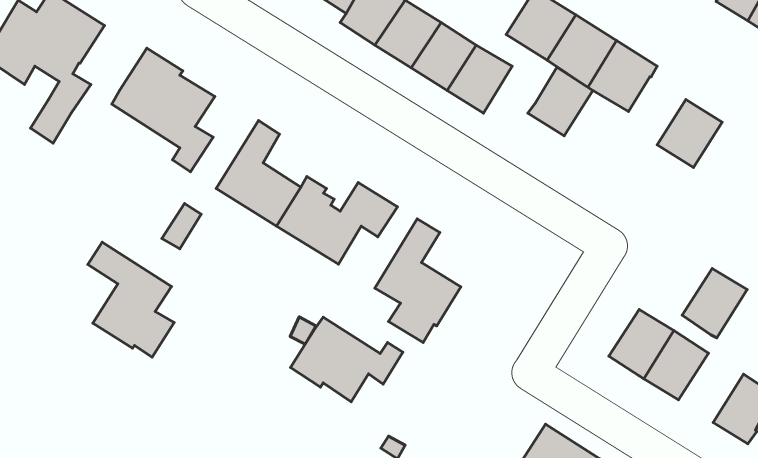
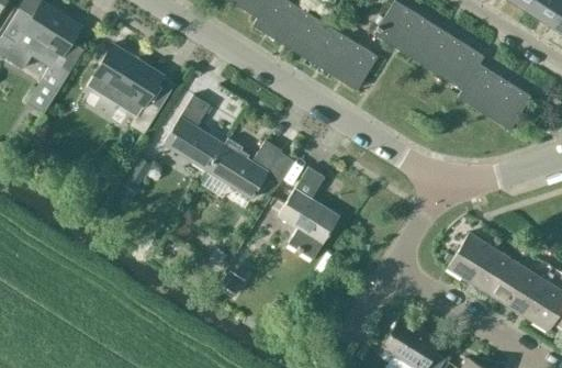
building: [528,68,593,136] -> [457,64,504,113]
building: [88,242,174,357] -> none
building: [682,268,747,338] -> [498,265,546,315]
building: [291,317,403,402] -> none

